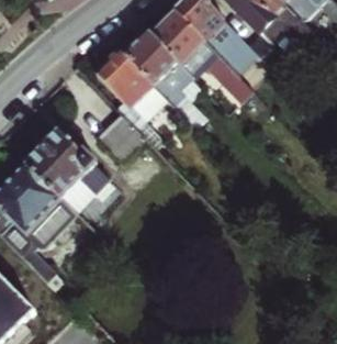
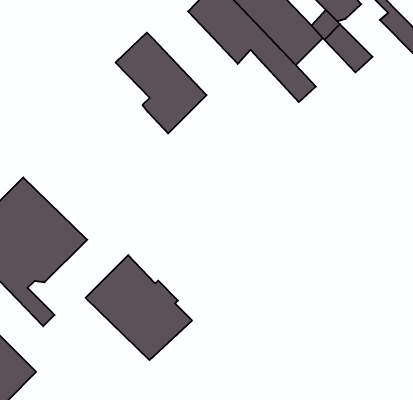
building: [124,27,204,122] -> none
building: [97,109,144,157] -> none
building: [24,126,106,208] -> [86,255,192,360]

